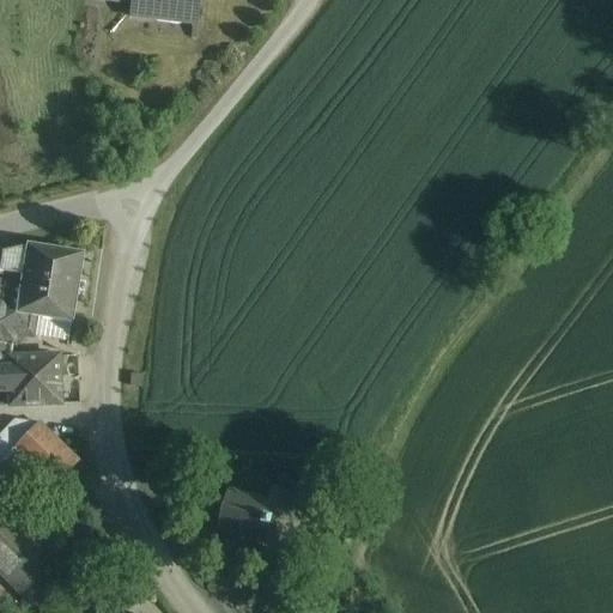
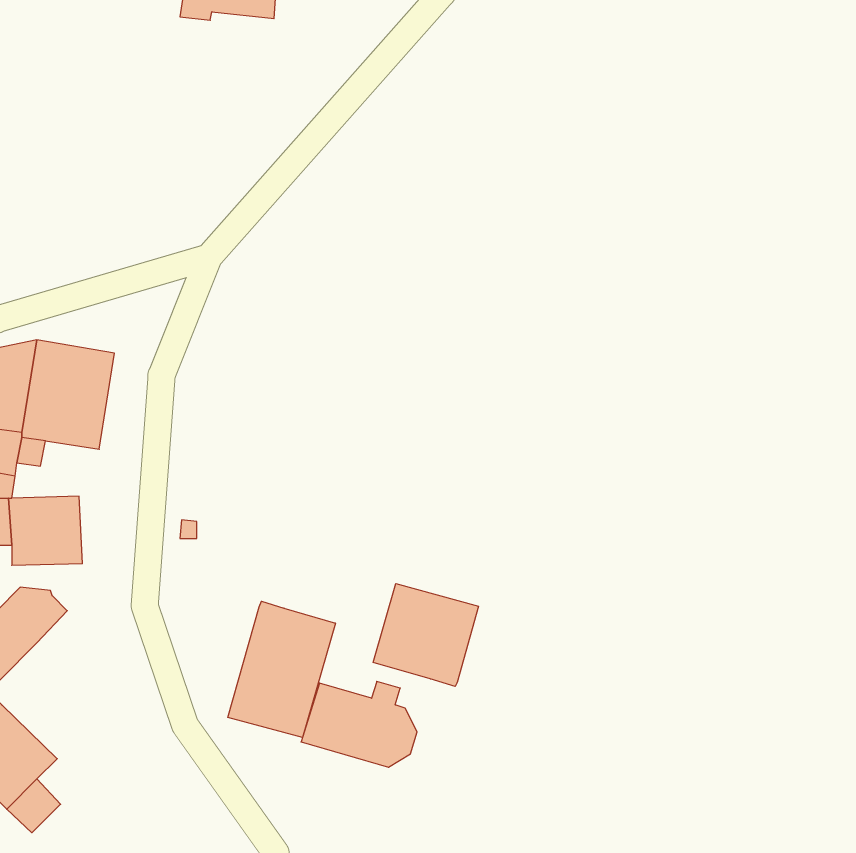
building: none -> [373,584,478,686]
building: none -> [228,601,335,737]
building: [26,435,73,480] -> none

